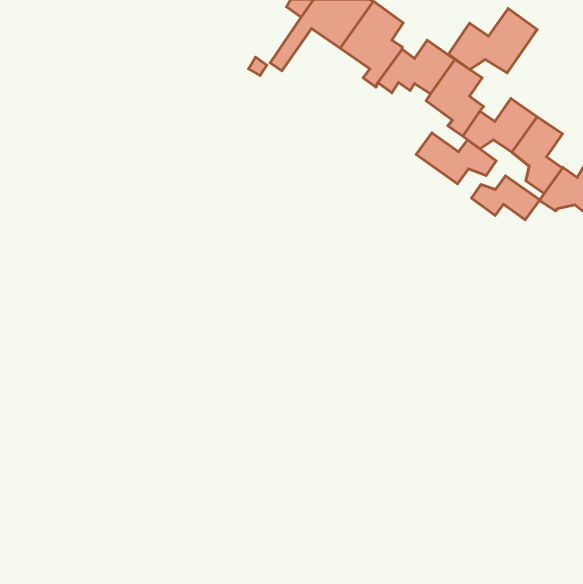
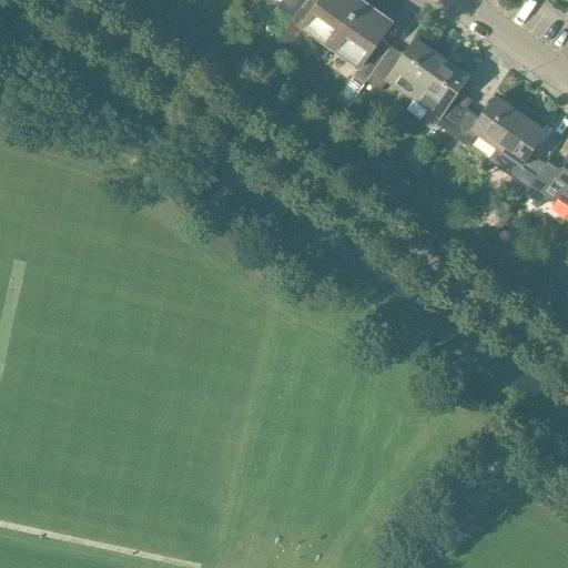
building: [448,9,537,73] -> none
building: [416,133,496,184] -> none
building: [472,176,540,220] -> none

